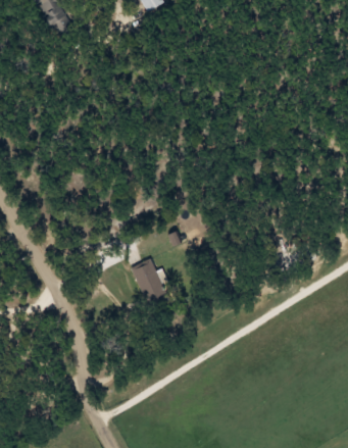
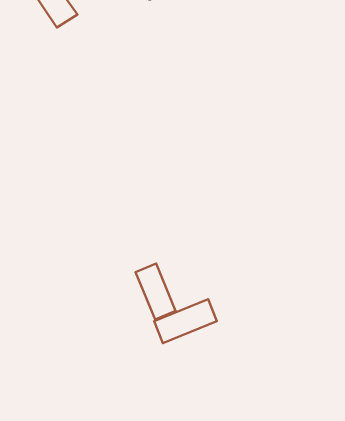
building: none -> [154,299,217,343]

